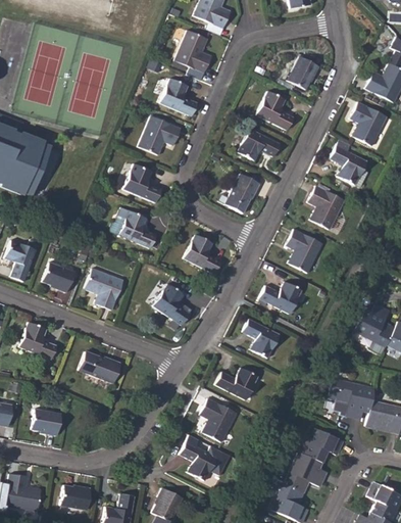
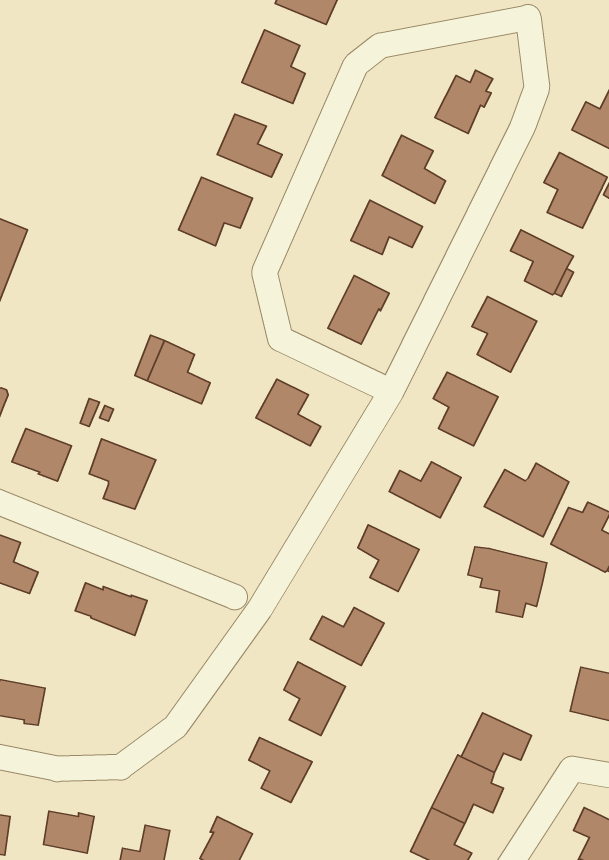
building: [124,165,161,202] -> none
building: none -> [484,463,569,537]
building: [154,284,190,323] -> none
building: [329,379,374,420] -> [468,547,547,617]

